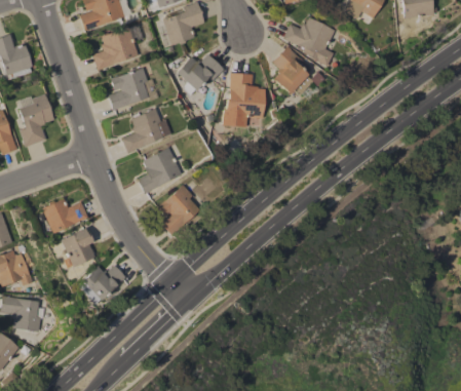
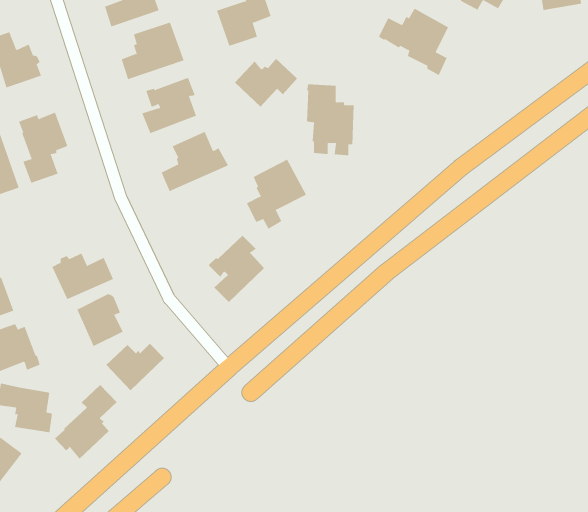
building: [272,45,325,94] -> none
building: [138,147,183,199] -> [246,159,307,229]
building: none -> [54,384,117,459]

